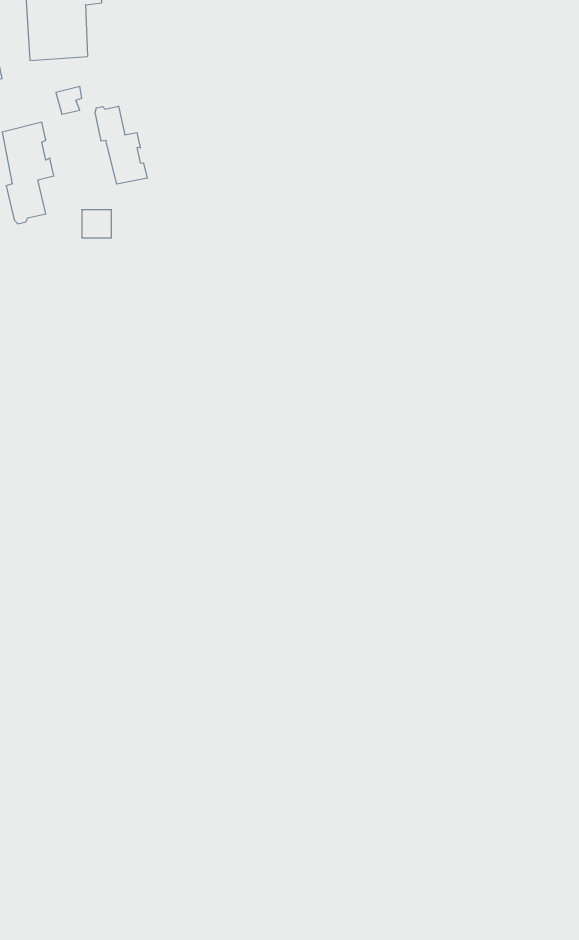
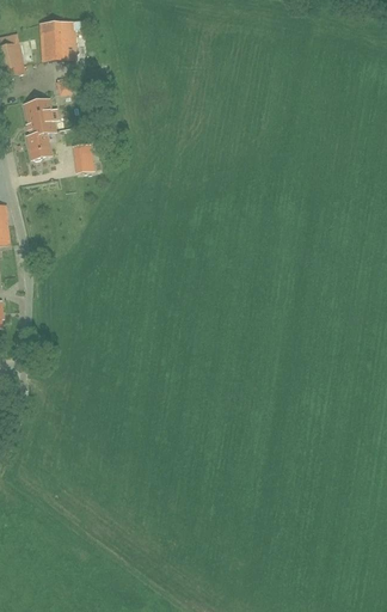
building: [95,106,147,184] -> none

